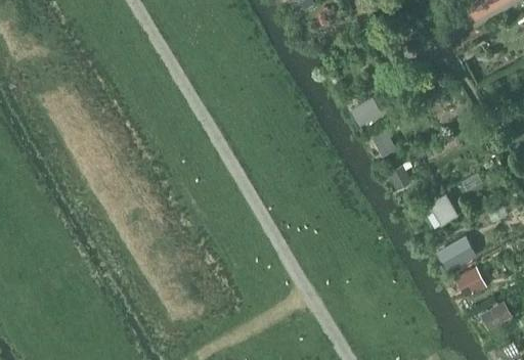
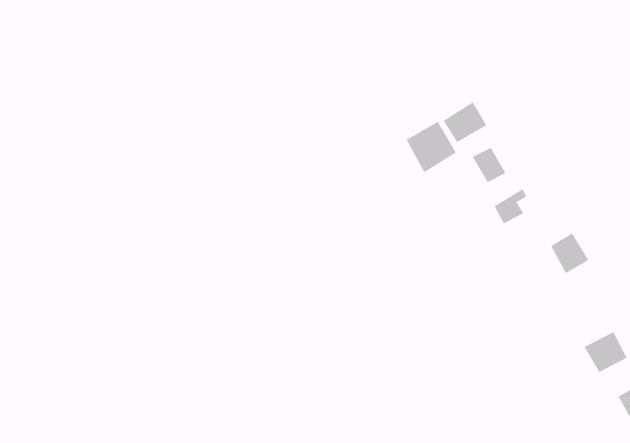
building: none -> [406,121,457,173]
building: [438,236,476,270] -> none

